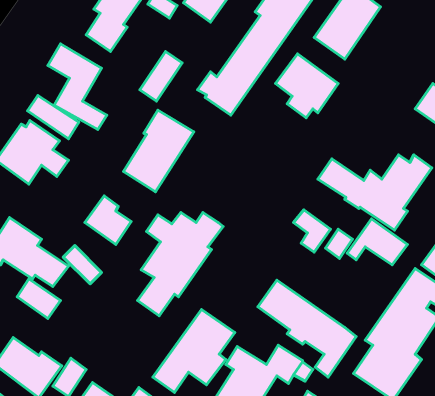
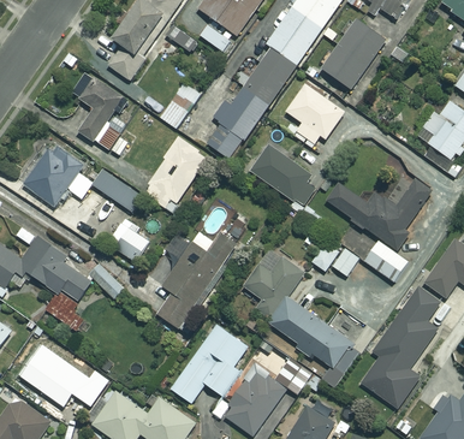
building: [28,95,79,139] -> [93,170,141,210]
building: none -> [207,124,244,159]
building: none -> [250,144,314,202]
building: none -> [244,248,304,321]

